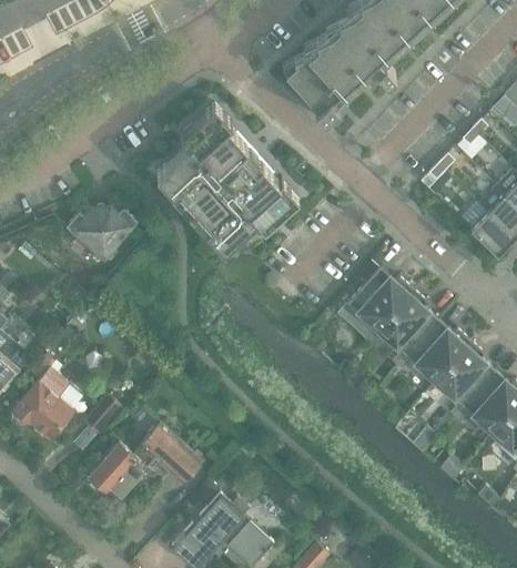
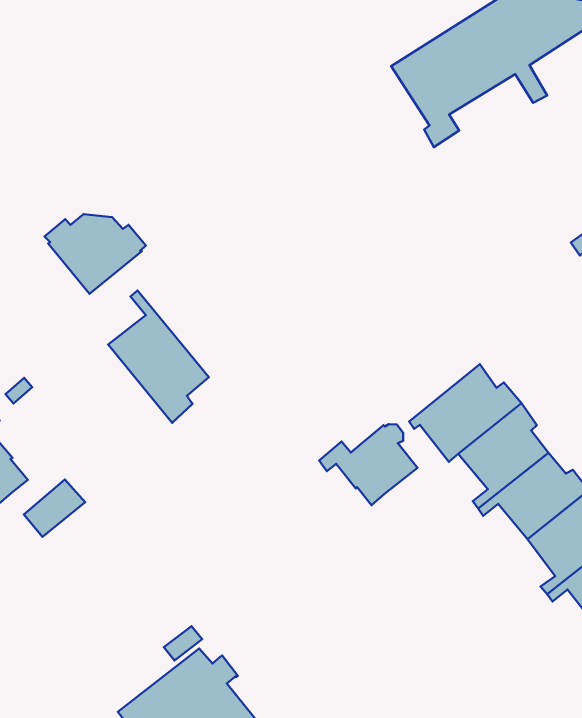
building: [156,104,300,250] -> none
building: none -> [108,290,209,423]
building: none -> [319,424,417,505]
building: [88,424,200,500] -> none

